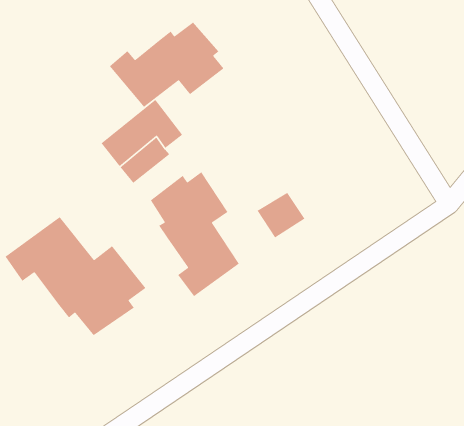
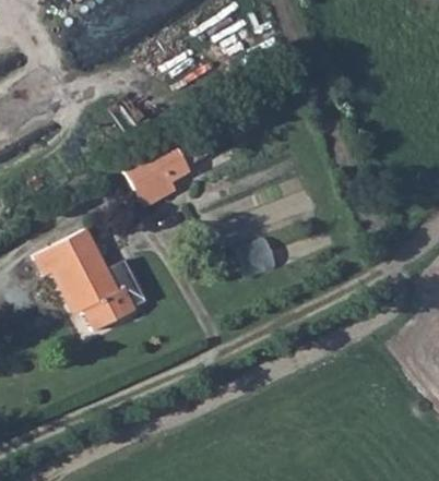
building: [109,22,225,108] -> none
building: [150,171,240,297] -> none

